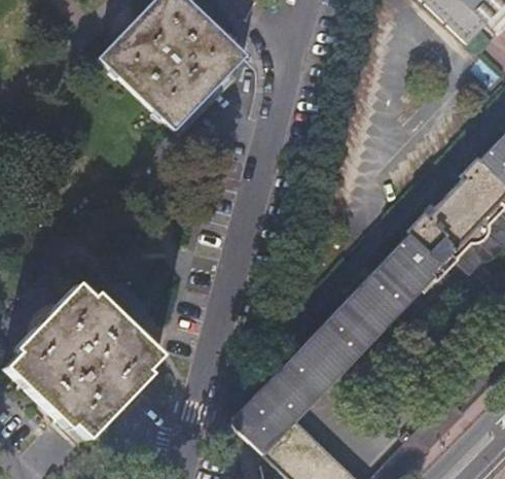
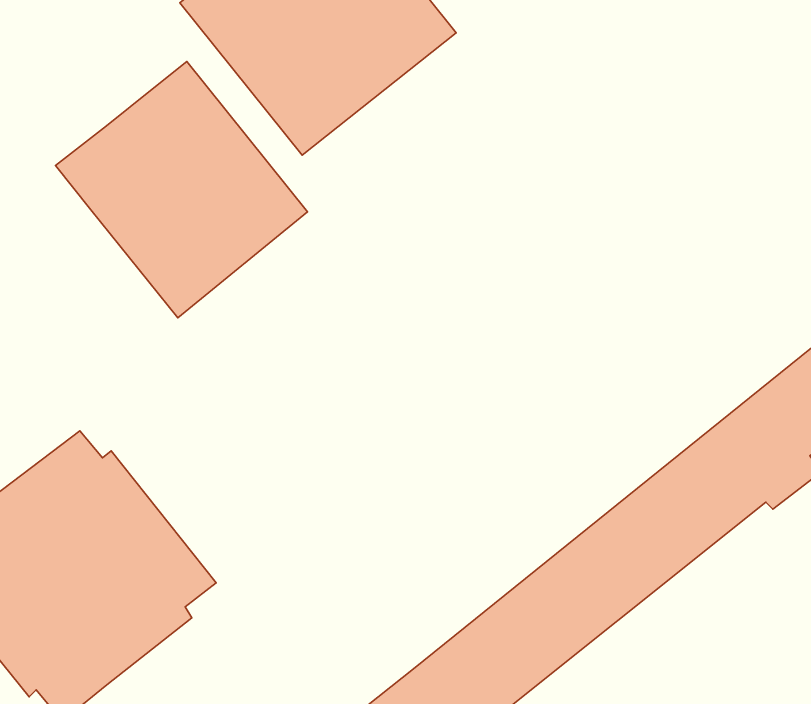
building: none -> [55,62,308,318]

